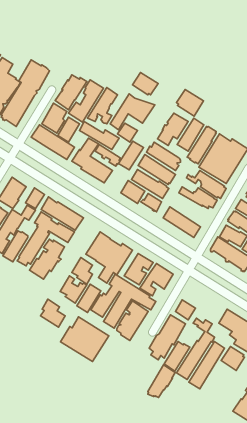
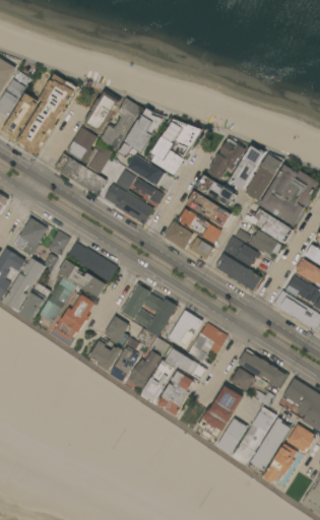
building: [133,73,158,95] -> none
building: [177,89,203,116] -> none
building: [119,141,143,170] -> none
building: none -> [223,237,260,267]
building: none -> [238,349,289,390]
building: [40,299,65,327] -> none
building: [61,317,109,362] -> none
building: [148,365,175,397] -> [264,444,298,483]

